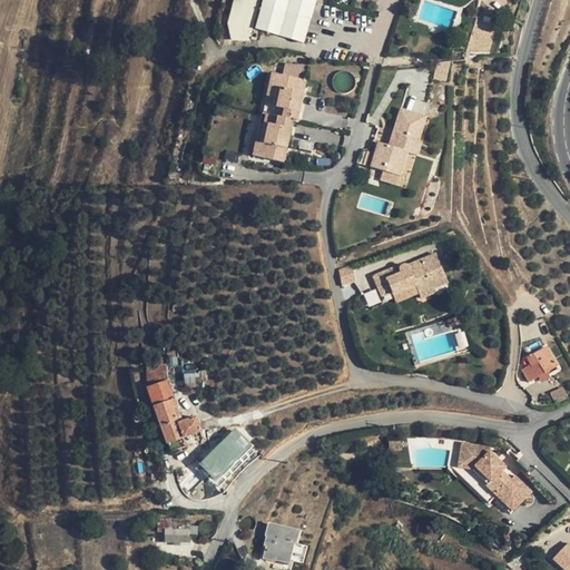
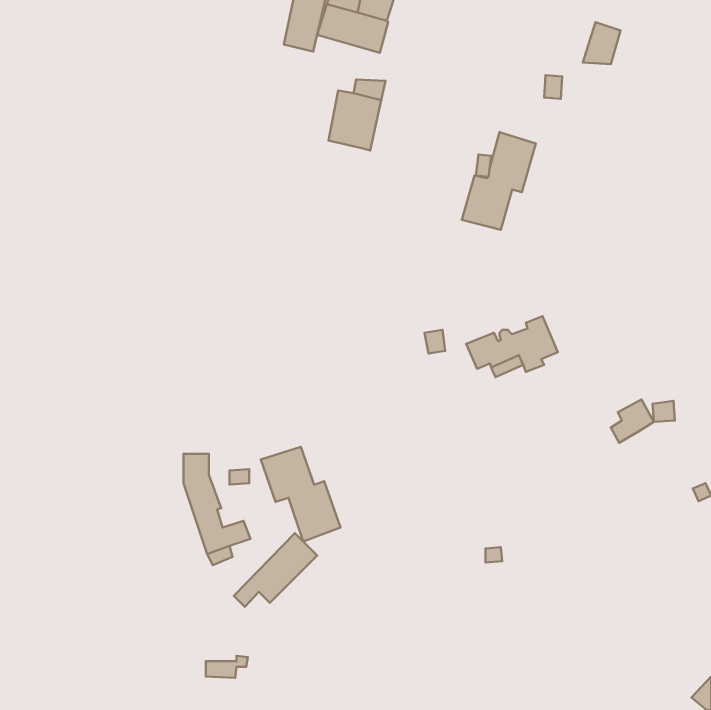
building: [252,112,292,161] -> none
building: [522,346,557,381] -> [611,400,654,443]
building: none -> [261,447,341,541]
building: [458,442,532,511] -> none
building: [263,522,297,562] -> none

